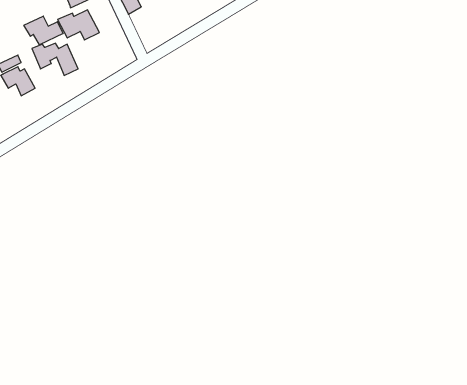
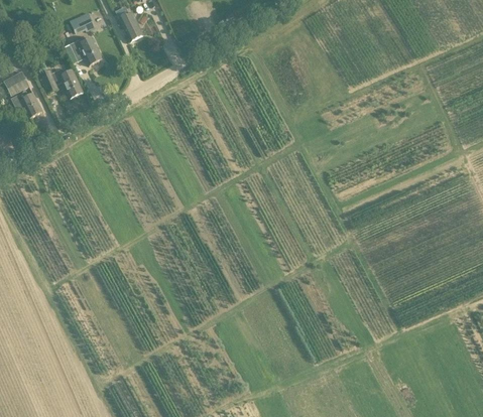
building: [24,16,63,45] -> none

